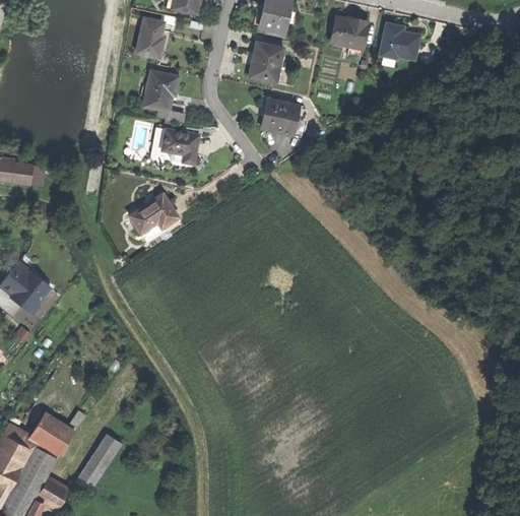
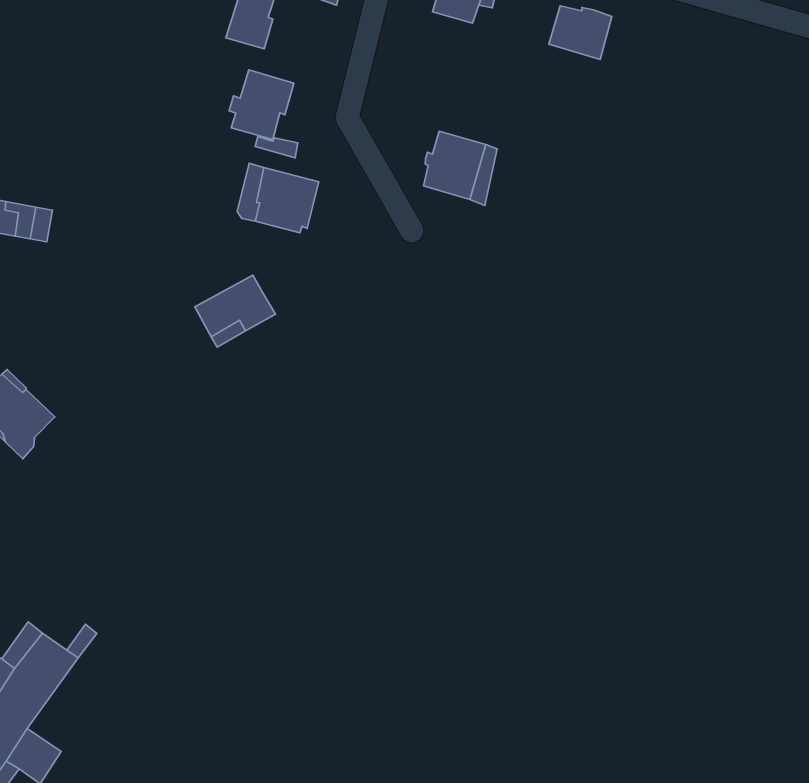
building: [380,24,419,60] -> none
building: [249,42,283,83] -> none
building: [78,433,121,485] -> none

